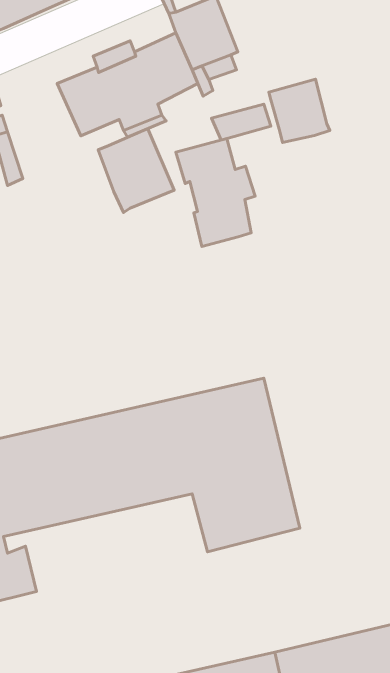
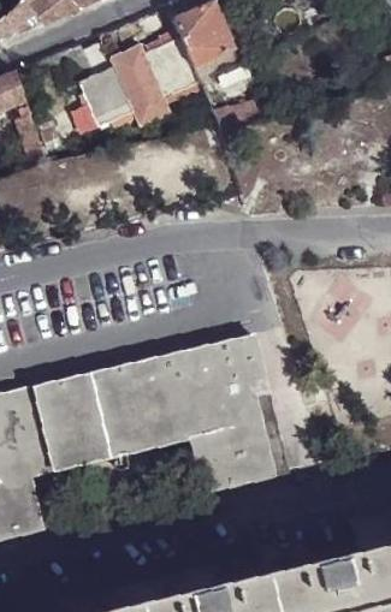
building: [269,79,330,142] -> none
building: [98,129,174,213] -> none
building: [176,139,255,247] -> none

